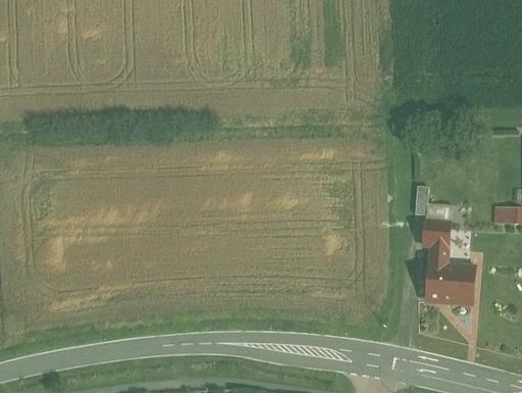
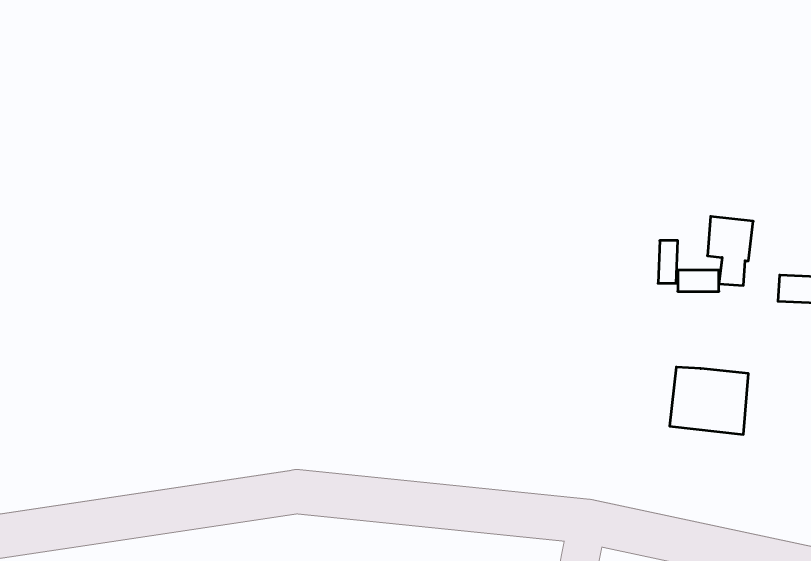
building: [423,220,452,263] -> [707,216,753,285]

